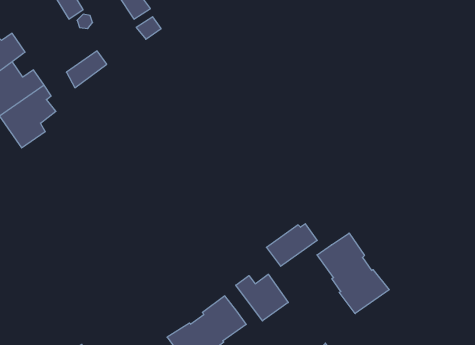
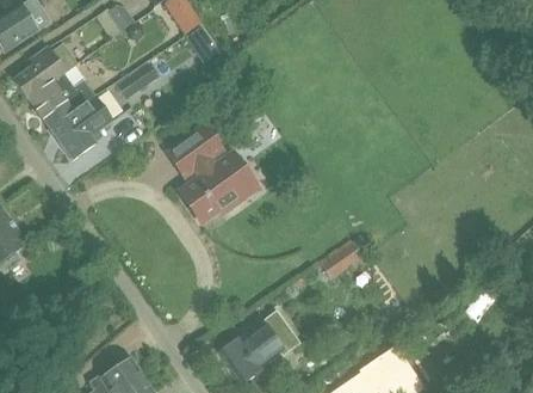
building: none -> [166,124,250,222]
building: [317,233,389,314] -> none
building: [236,274,288,321] -> none

